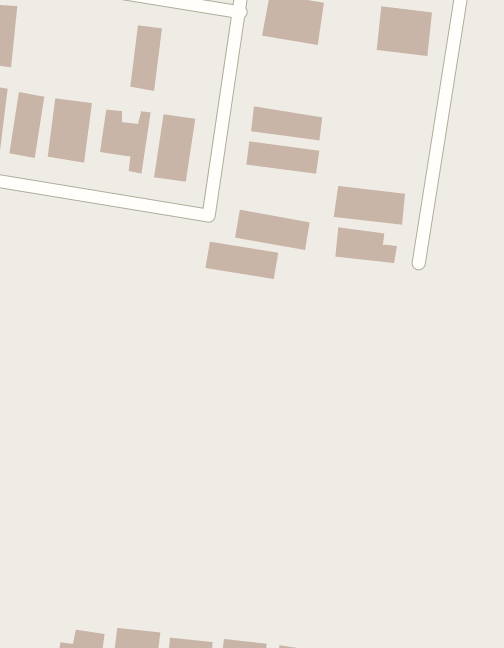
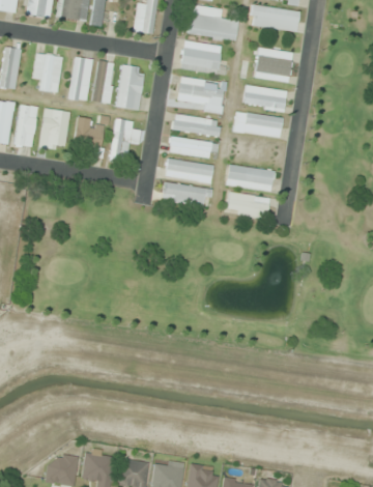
building: none -> [32,53,62,92]
building: none -> [68,56,93,102]
building: none -> [117,64,144,109]
building: none -> [176,77,224,107]
building: none -> [242,85,286,111]
building: none -> [233,111,282,137]
building: [204,241,279,279] -> [165,157,213,182]

